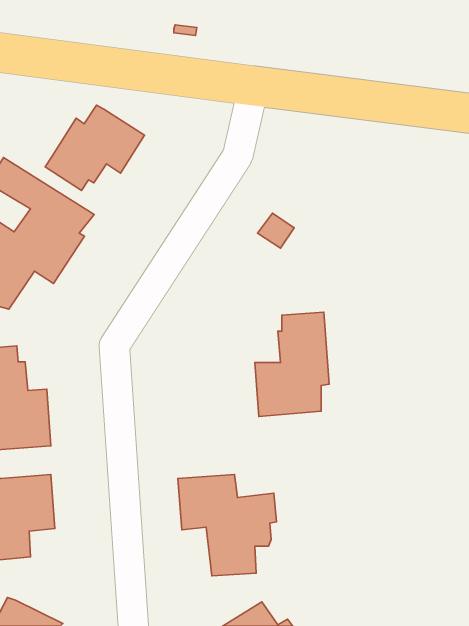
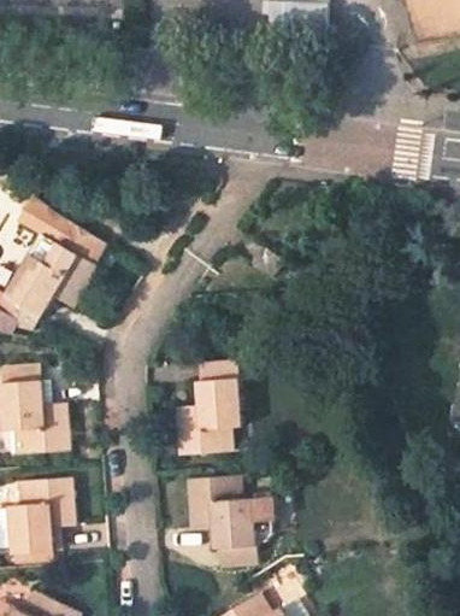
building: [45,105,145,191] -> none
building: [255,312,329,417] -> [172,362,238,454]

